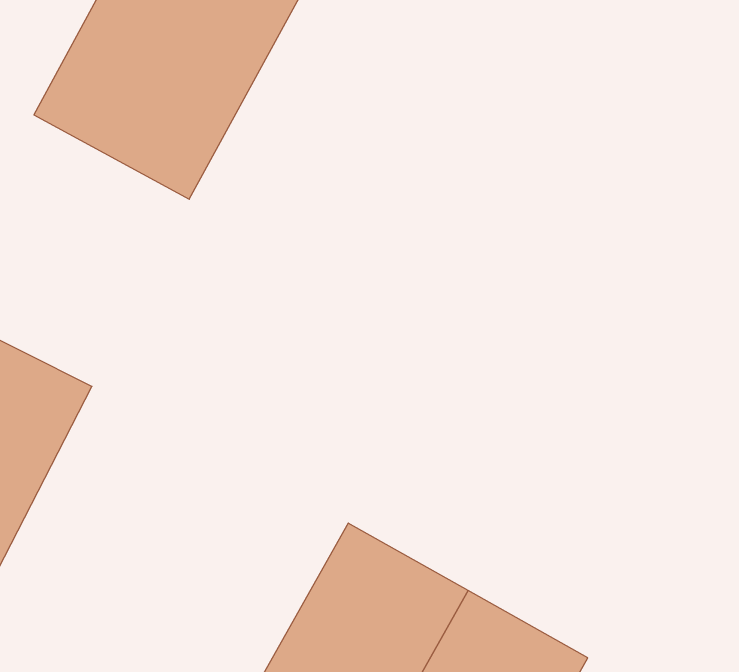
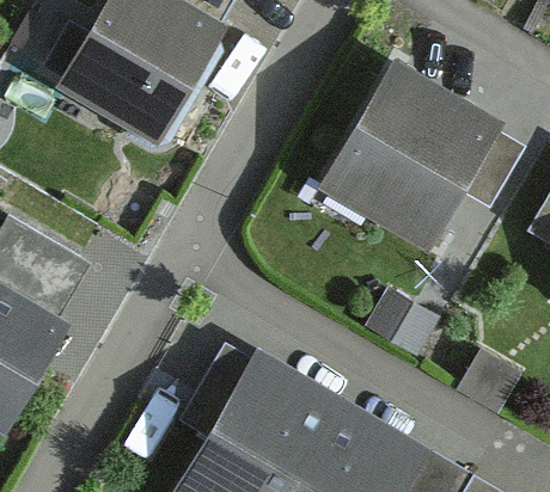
building: none -> [316,73,485,242]

